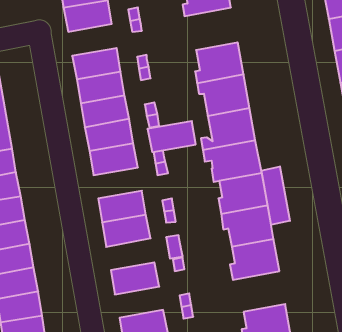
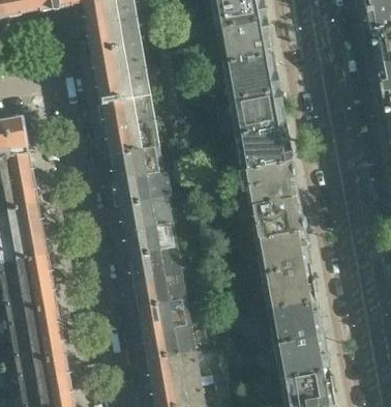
building: none -> [221,51,278,96]
building: none -> [97,68,149,103]
building: [147,121,196,152] -> [124,222,176,255]
building: [261,166,290,225] -> none
building: none -> [138,297,189,331]
building: none -> [273,332,329,376]
building: none -> [147,349,199,382]

